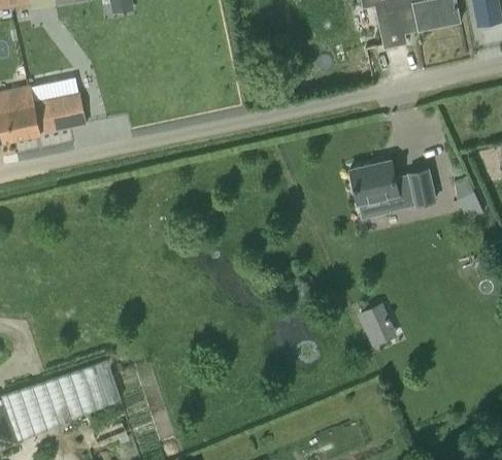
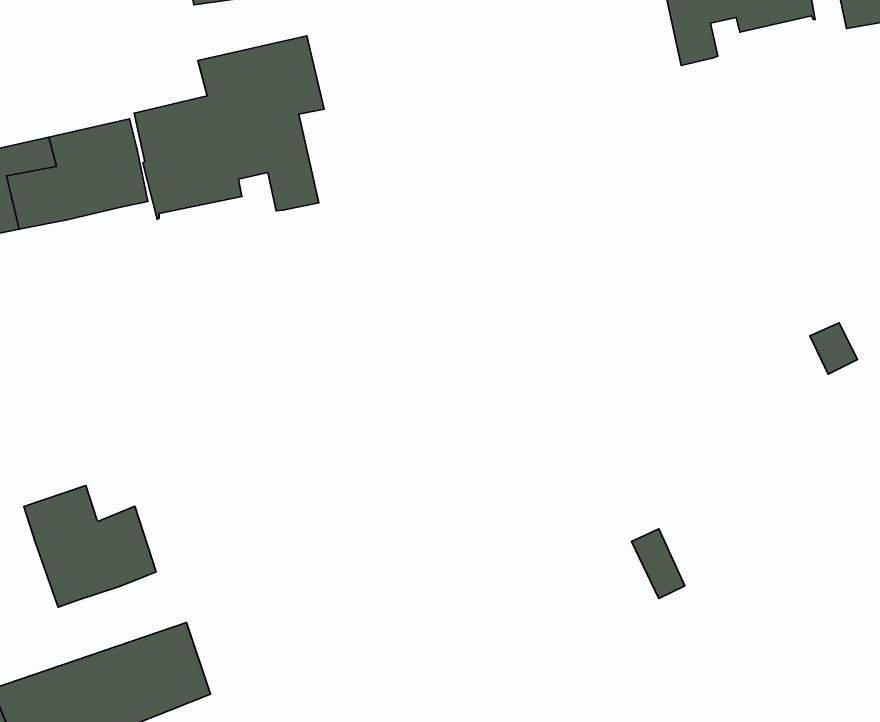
building: none -> [134,36,324,219]
building: [349,160,435,220] -> none
building: none -> [24,485,156,607]

